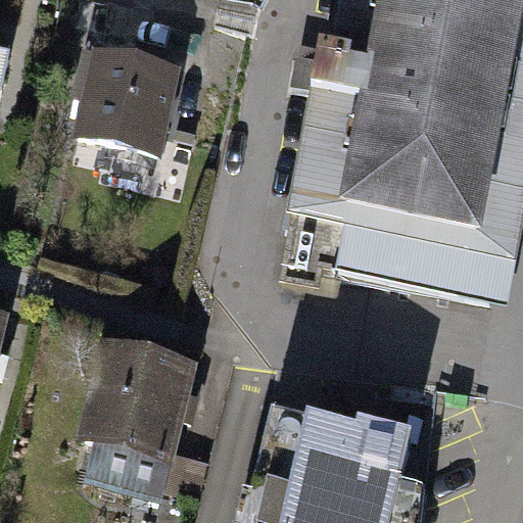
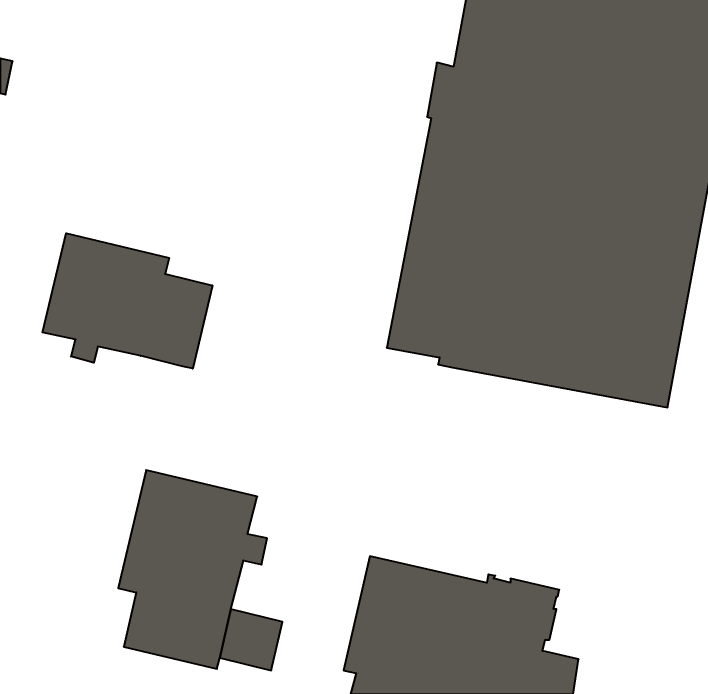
building: [82,50,209,145] -> none
building: none -> [42,233,212,369]

